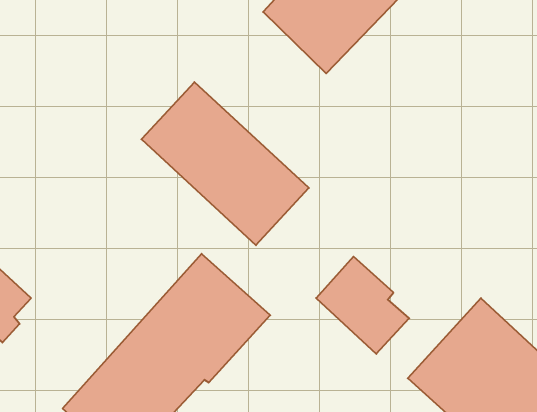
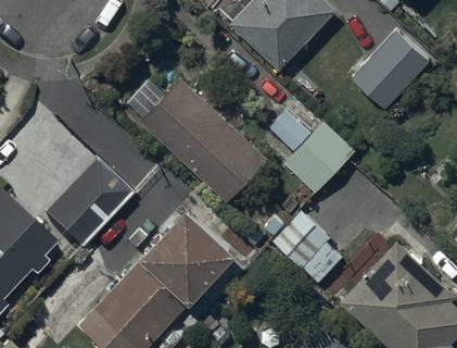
building: none -> [352,32,429,110]
building: none -> [268,105,354,189]
building: none -> [43,161,127,246]

